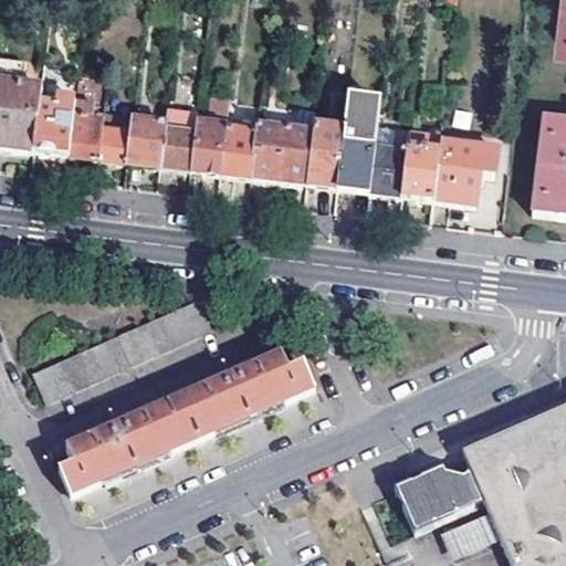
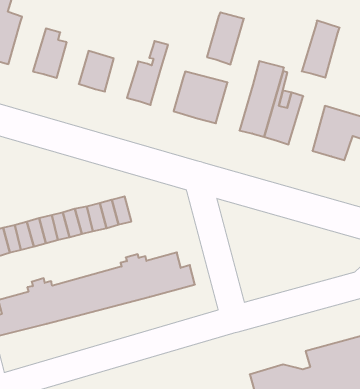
building: [34,94,74,154] -> none
building: [158,109,197,181] -> none
building: [97,111,132,160] -> none
building: [305,124,344,187] -> [207,12,244,64]
building: [220,127,255,176] -> none
building: [400,128,439,198] -> [302,21,340,78]

